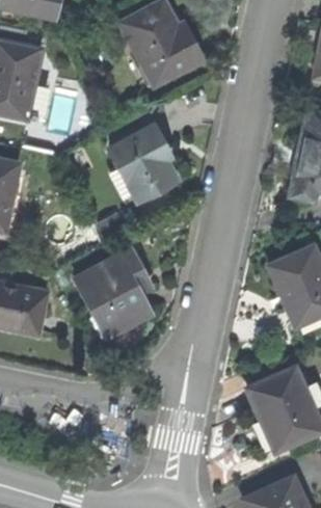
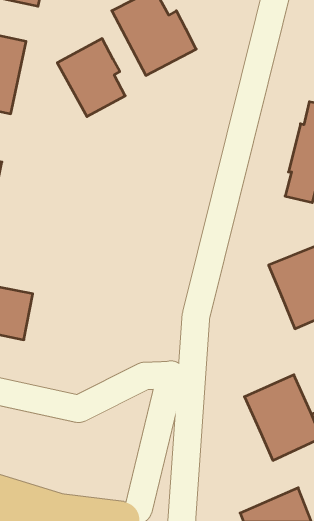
building: [112,128,177,202] -> [57,39,125,117]
building: [77,249,152,337] -> none

